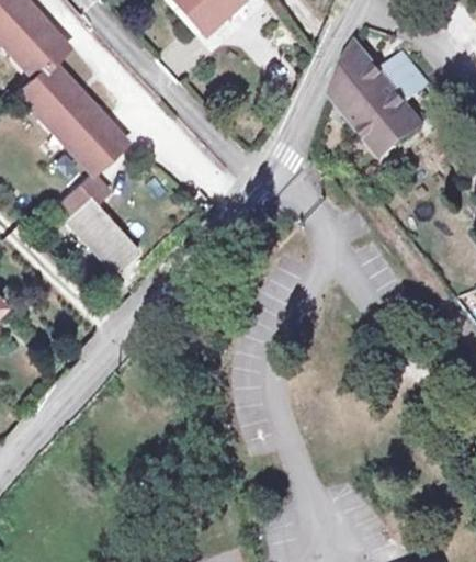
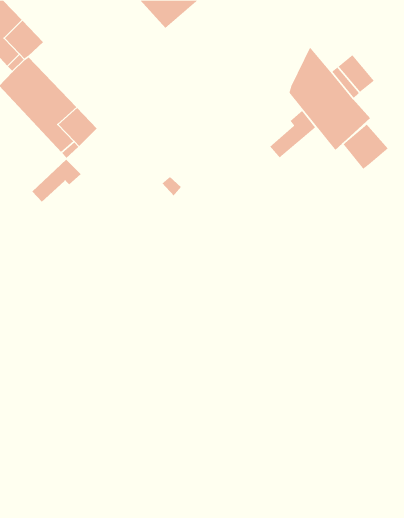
building: none -> [269,110,316,158]
building: none -> [342,124,389,170]
building: [67,196,140,271] -> none

